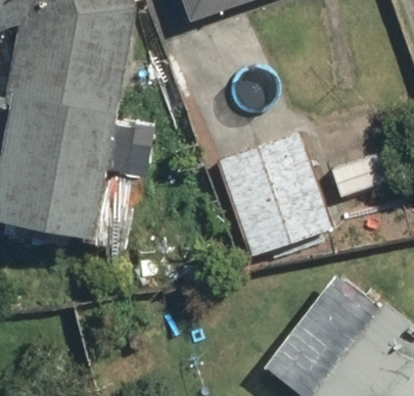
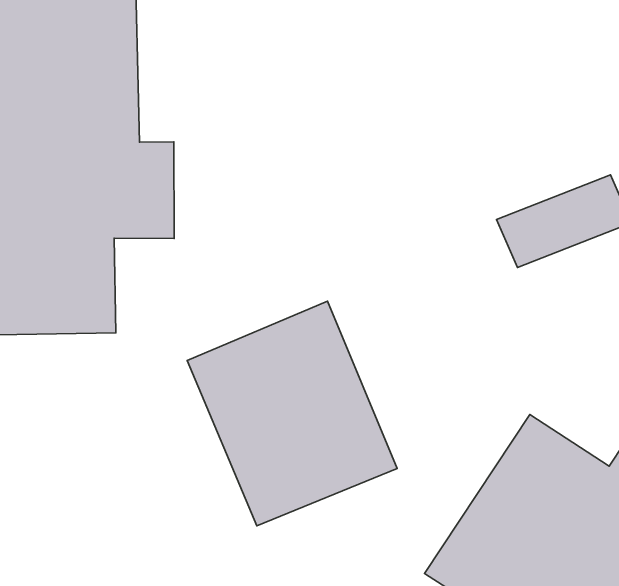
building: [215,134,329,257] -> [187,301,397,526]

